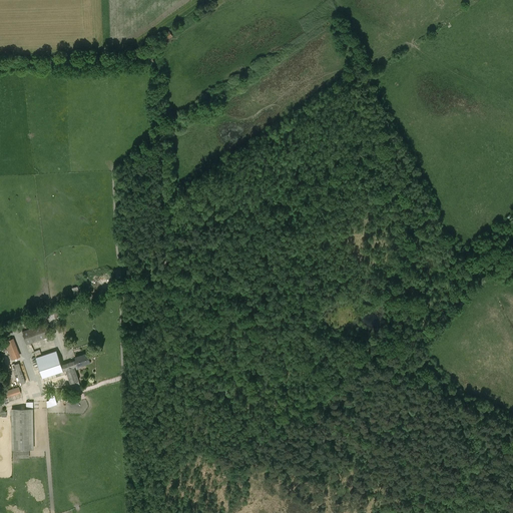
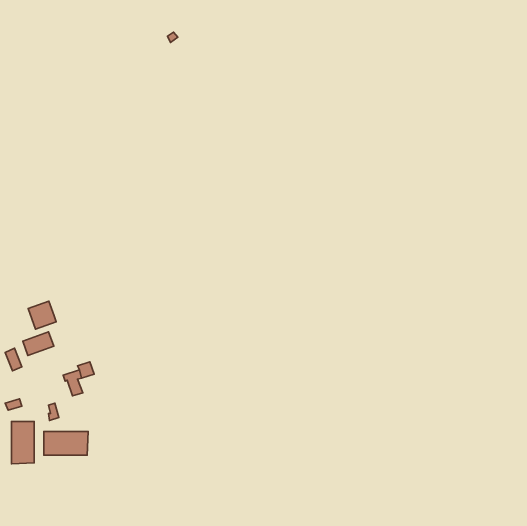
building: [36,352,63,379] -> [28,301,56,329]
building: none -> [44,432,88,455]

